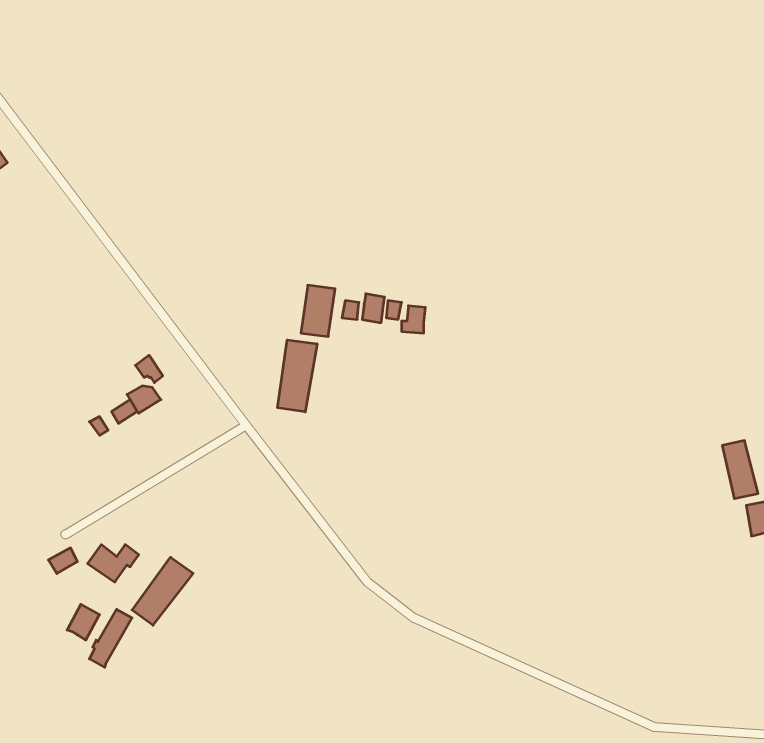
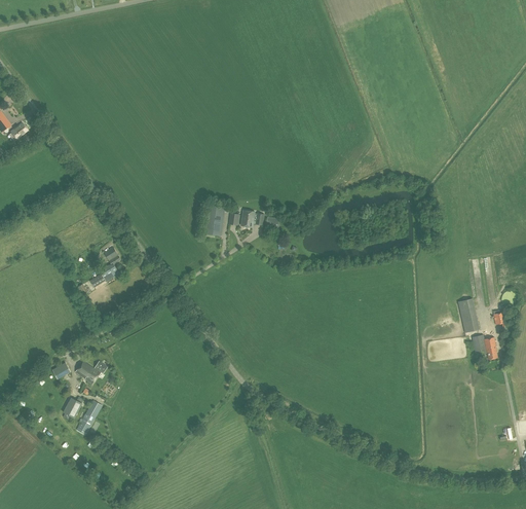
building: [278,340,317,412] -> none
building: [132,557,193,625] -> none

